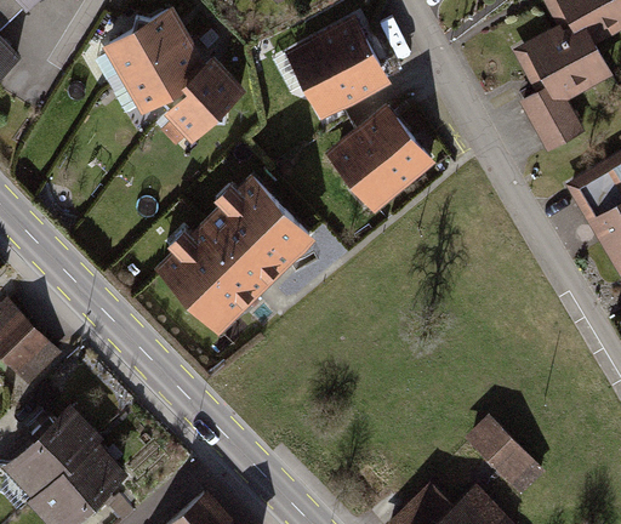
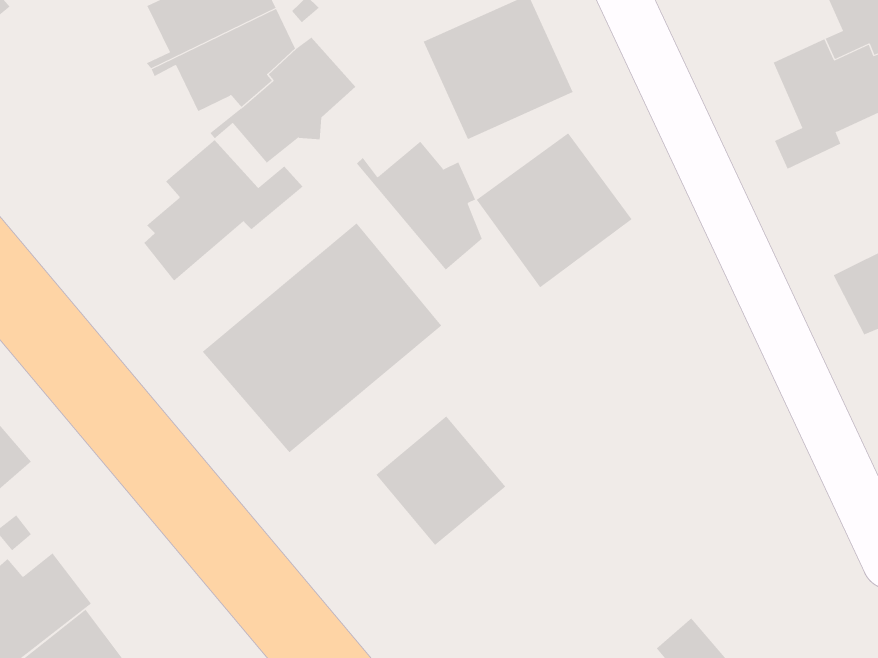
building: [530,102,581,150] -> none
building: none -> [356,141,483,270]
building: none -> [144,139,303,281]
building: none -> [375,415,506,546]

